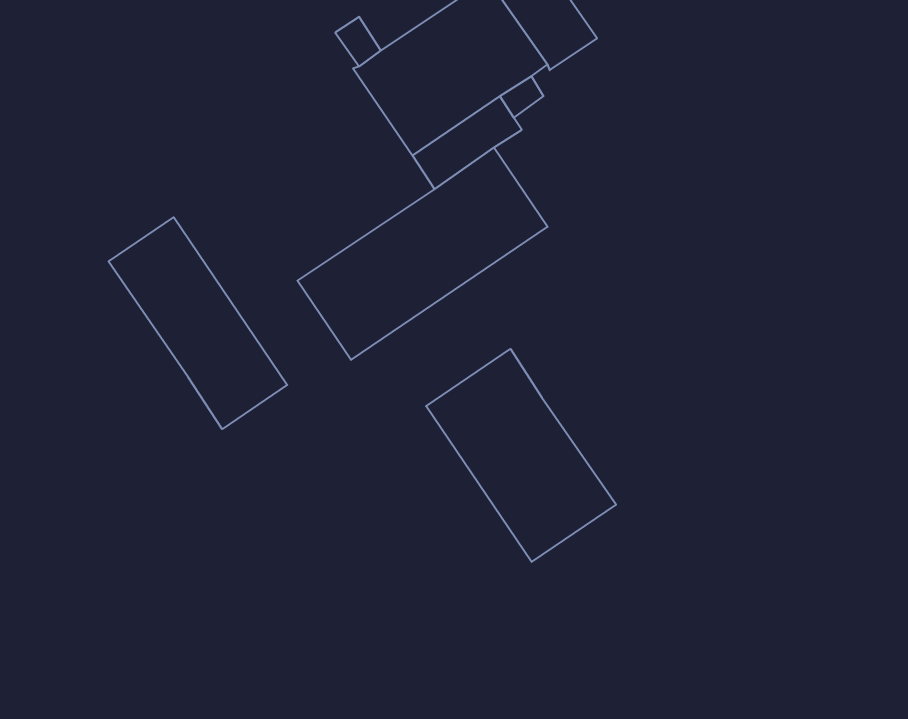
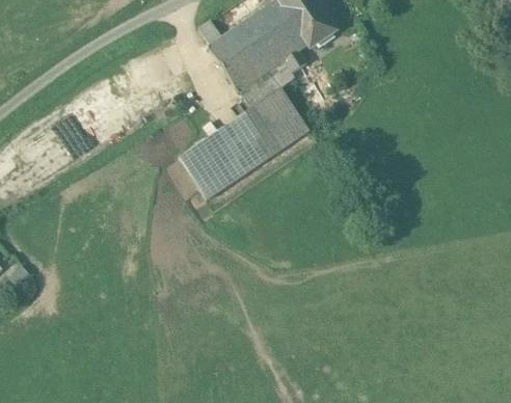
building: [109,217,287,429] -> none
building: [426,349,616,562] -> none

